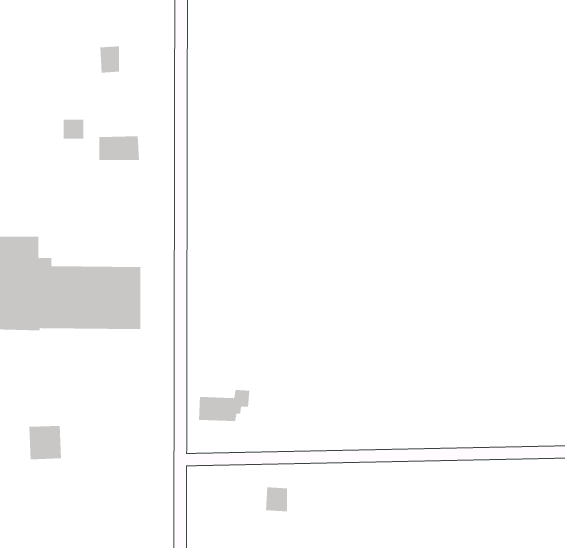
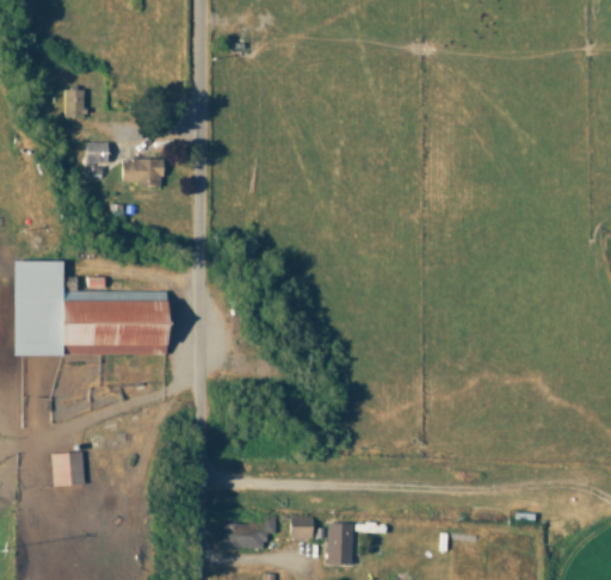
building: [100,46,120,73] -> [66,90,86,117]
building: [198,389,250,421] -> [223,516,276,548]
building: none -> [328,523,354,564]

